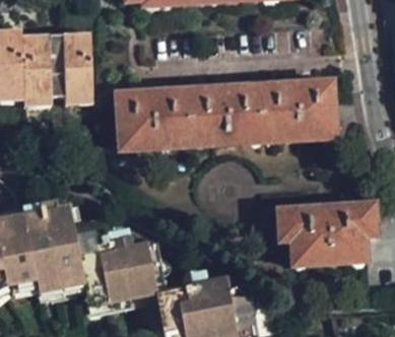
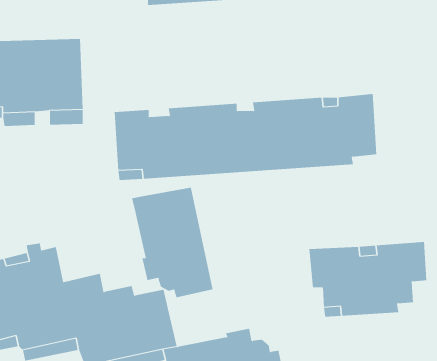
building: none -> [131,187,213,298]

